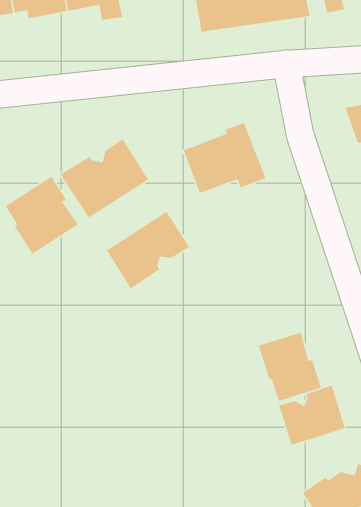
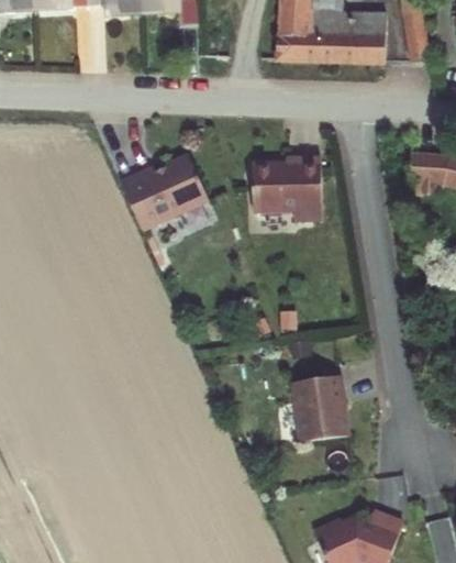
building: [5,176,79,255] -> none
building: [106,211,190,289] -> none
building: [278,385,346,446] -> none

